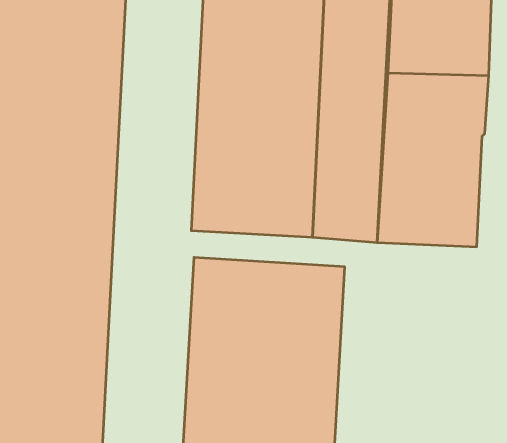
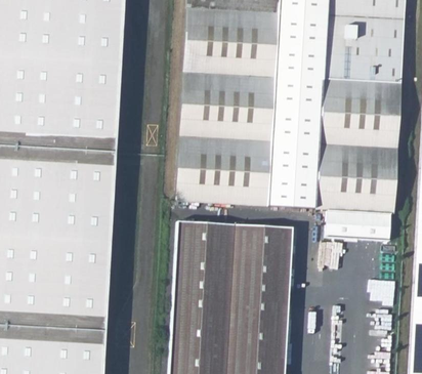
building: none -> [324,211,389,242]

